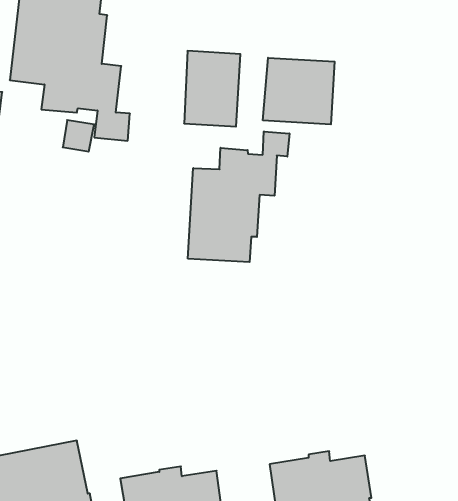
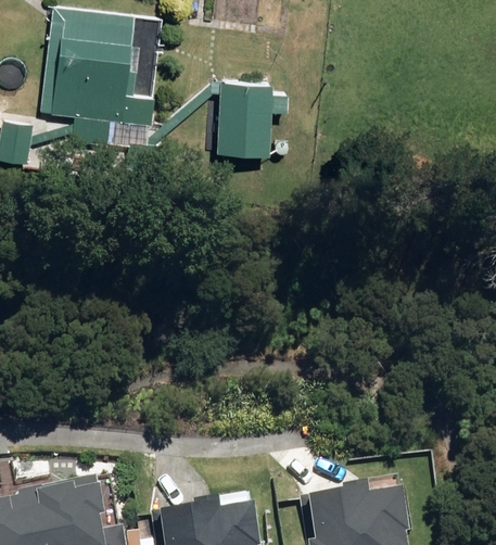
building: [263,58,335,124] -> none
building: [188,131,289,262] -> none

